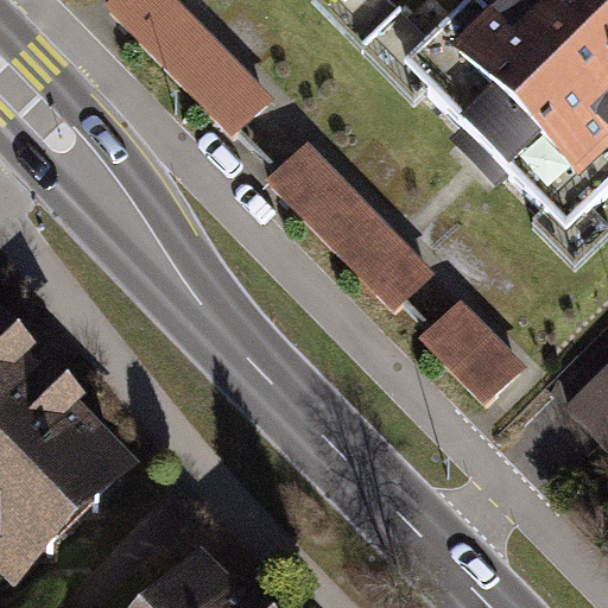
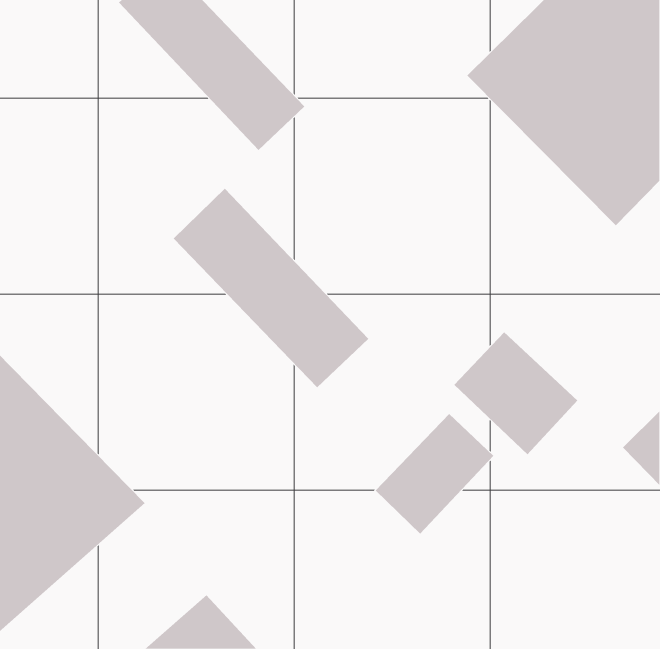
building: [268,141,448,324] -> [173,188,369,388]
building: none -> [375,413,494,534]

